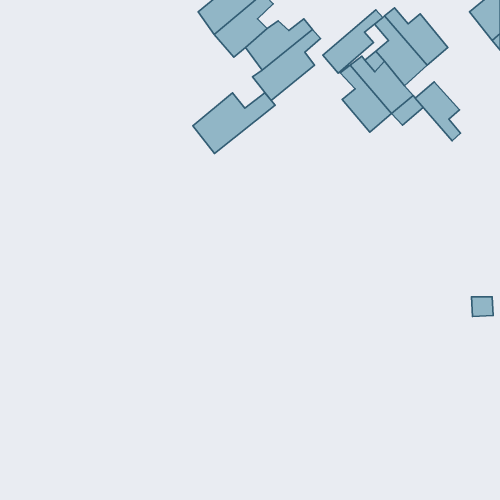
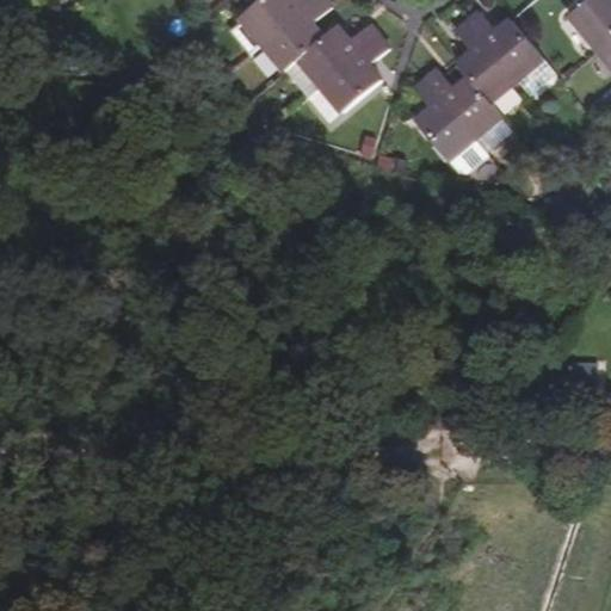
building: [323,10,383,73] -> none
building: [415,82,461,141] -> none
building: [193,93,275,153] -> none

